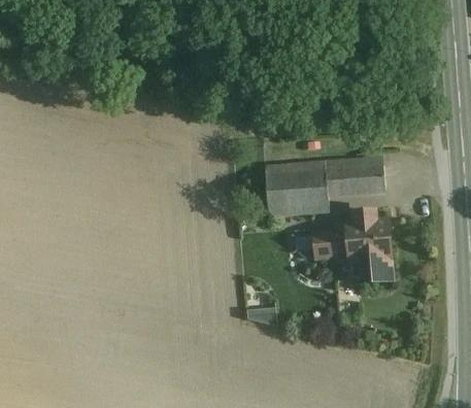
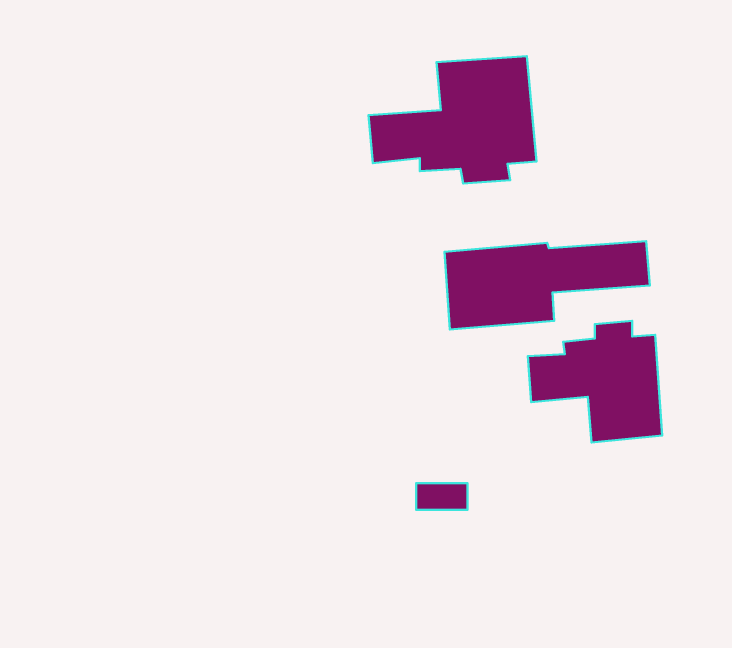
building: none -> [369,56,537,184]

